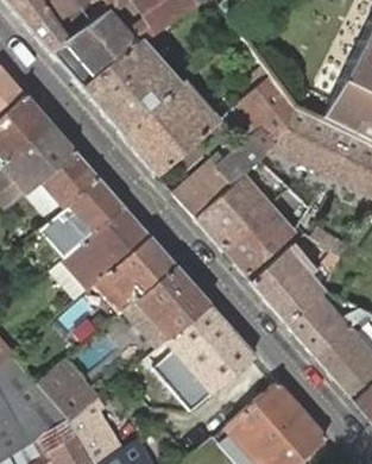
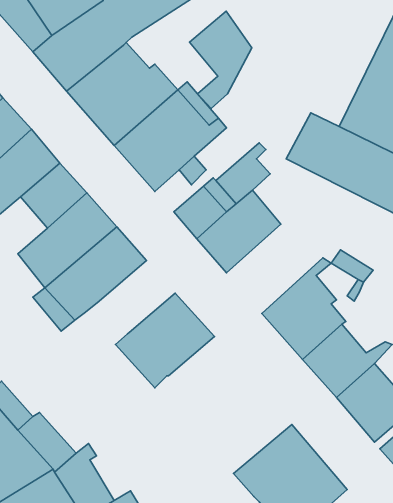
building: [241,75,296,161] -> [189,11,252,109]
building: [222,205,295,276] -> none
building: [99,237,177,311] -> none
building: [156,303,257,410] -> none

